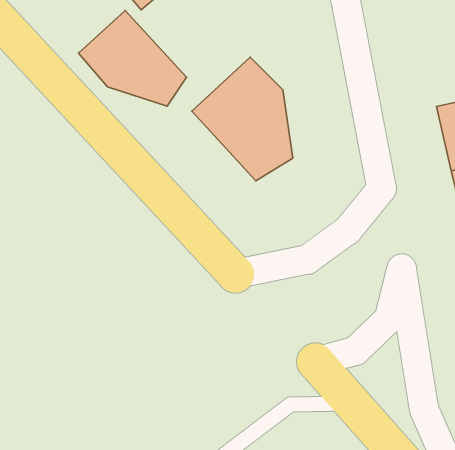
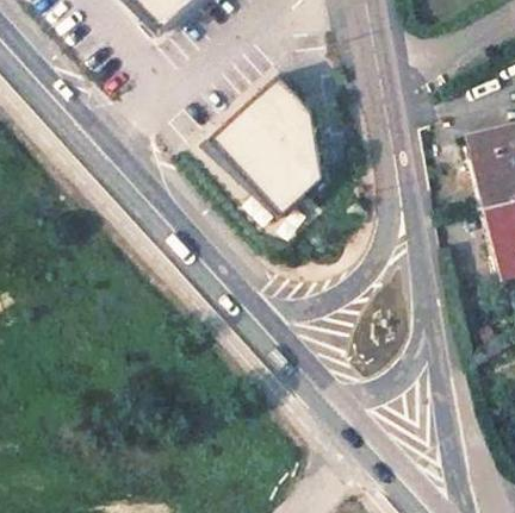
building: [79,10,187,106] -> none

